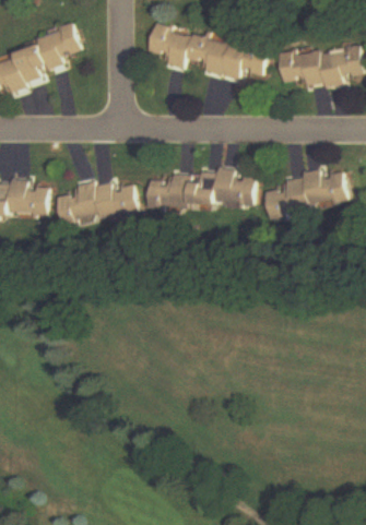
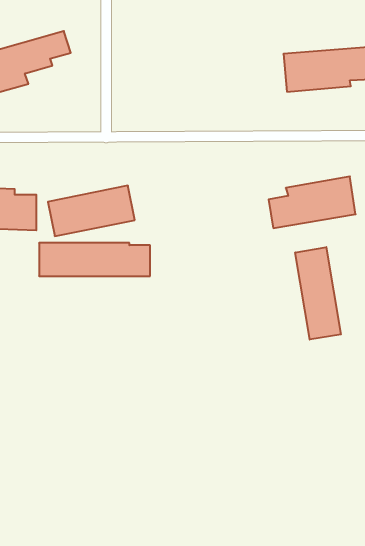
building: [146,23,270,81] -> none
building: [149,174,255,205] -> [39,243,150,276]
building: none -> [295,247,341,340]

